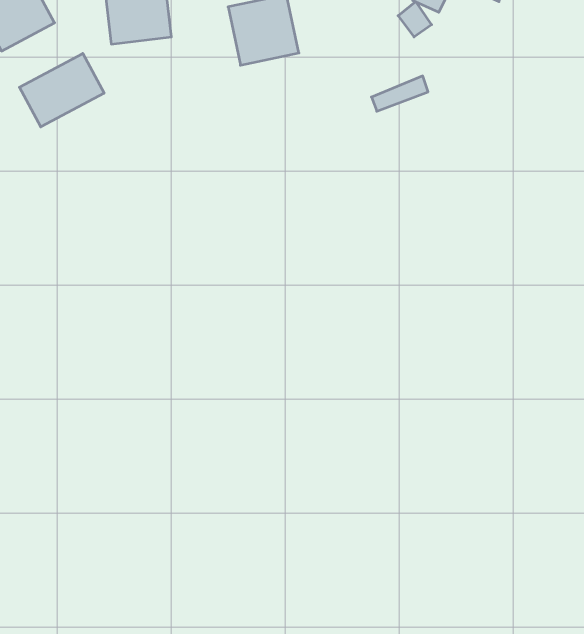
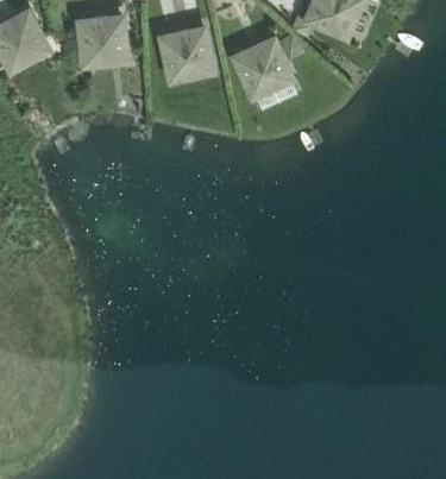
building: none -> [234,38,288,92]
building: [19,53,104,127] -> none

